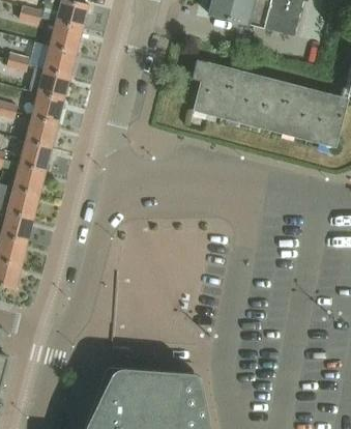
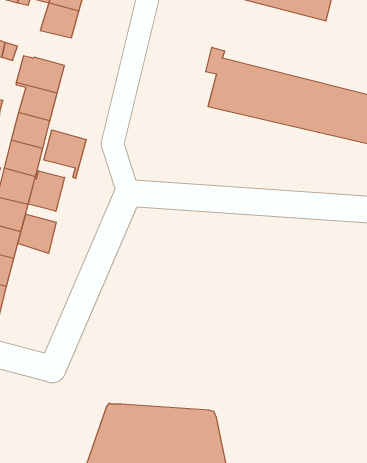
building: [45,46,77,76] -> none
building: none -> [44,130,86,179]
building: none -> [29,171,65,211]
building: none -> [18,214,56,253]

